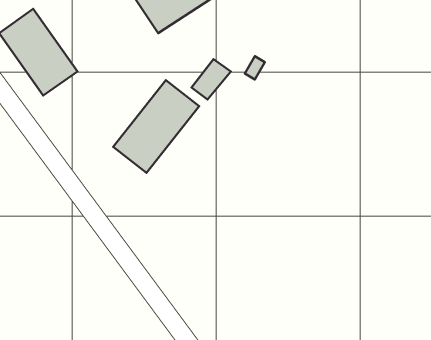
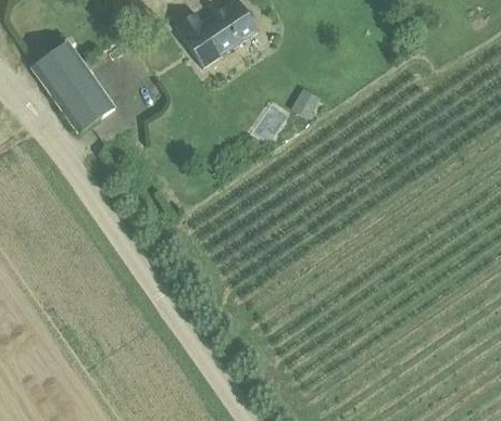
building: [113,80,199,173] -> none

